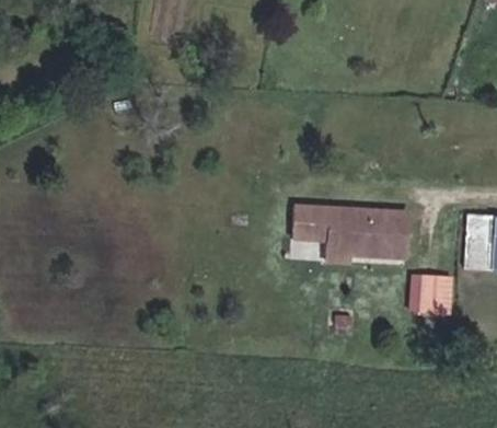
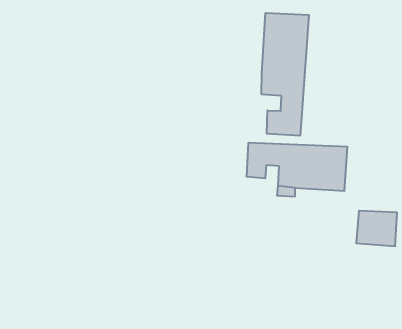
building: none -> [262,13,309,136]

